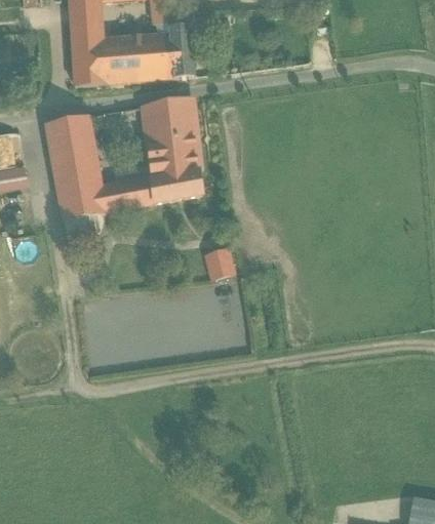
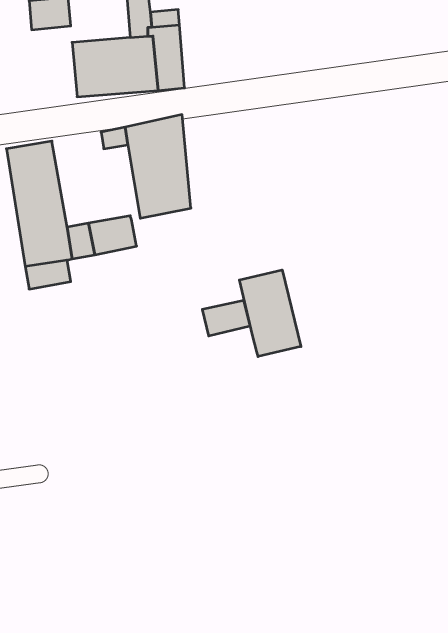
building: [70,25,107,85] -> none
building: [151,172,202,203] -> none
building: none -> [239,270,301,357]

